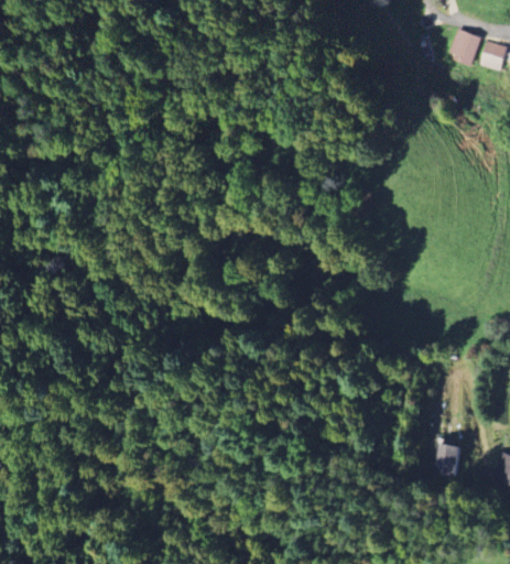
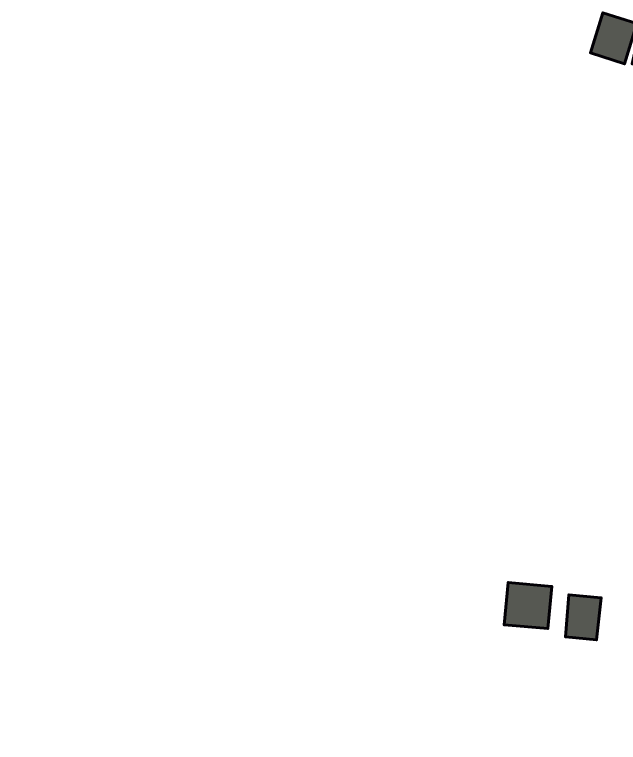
building: none -> [504,583,552,629]

